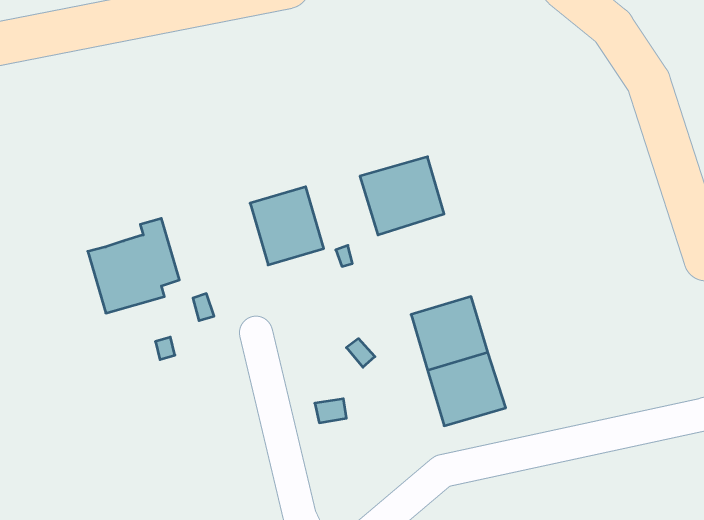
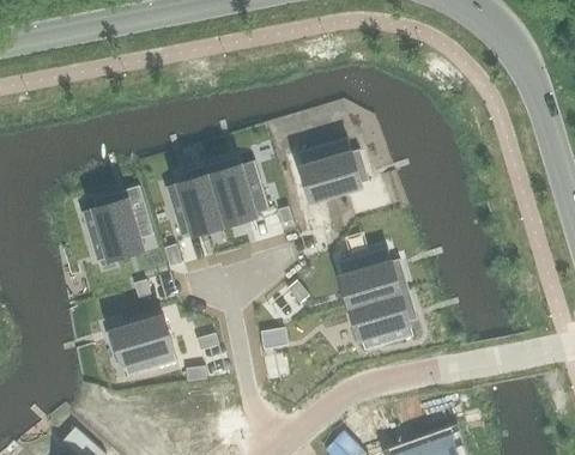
building: none -> [165,172,224,235]
building: none -> [109,315,176,377]

